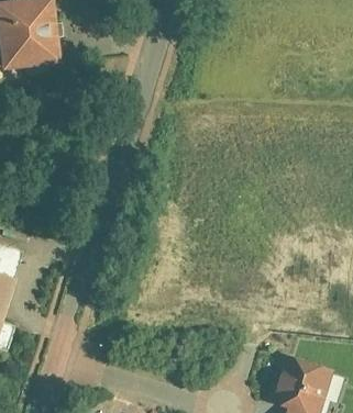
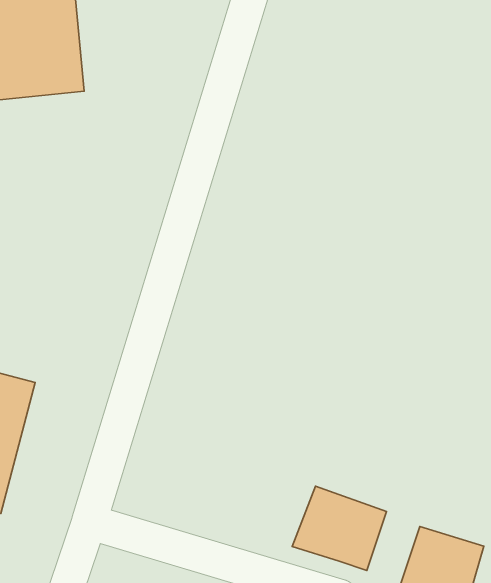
building: none -> [292,486,387,570]

